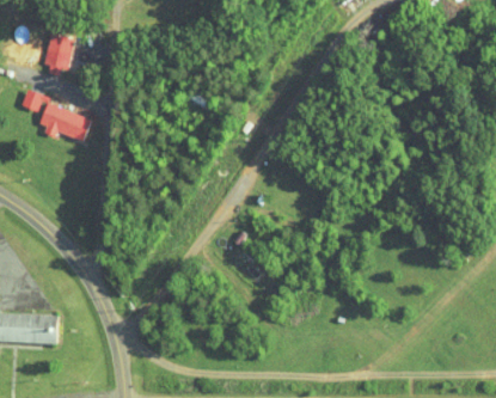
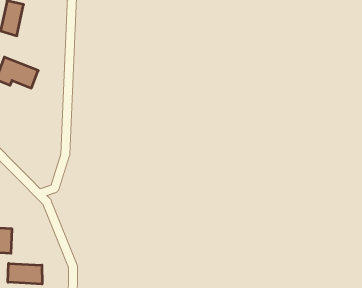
building: none -> [8,263,42,284]

